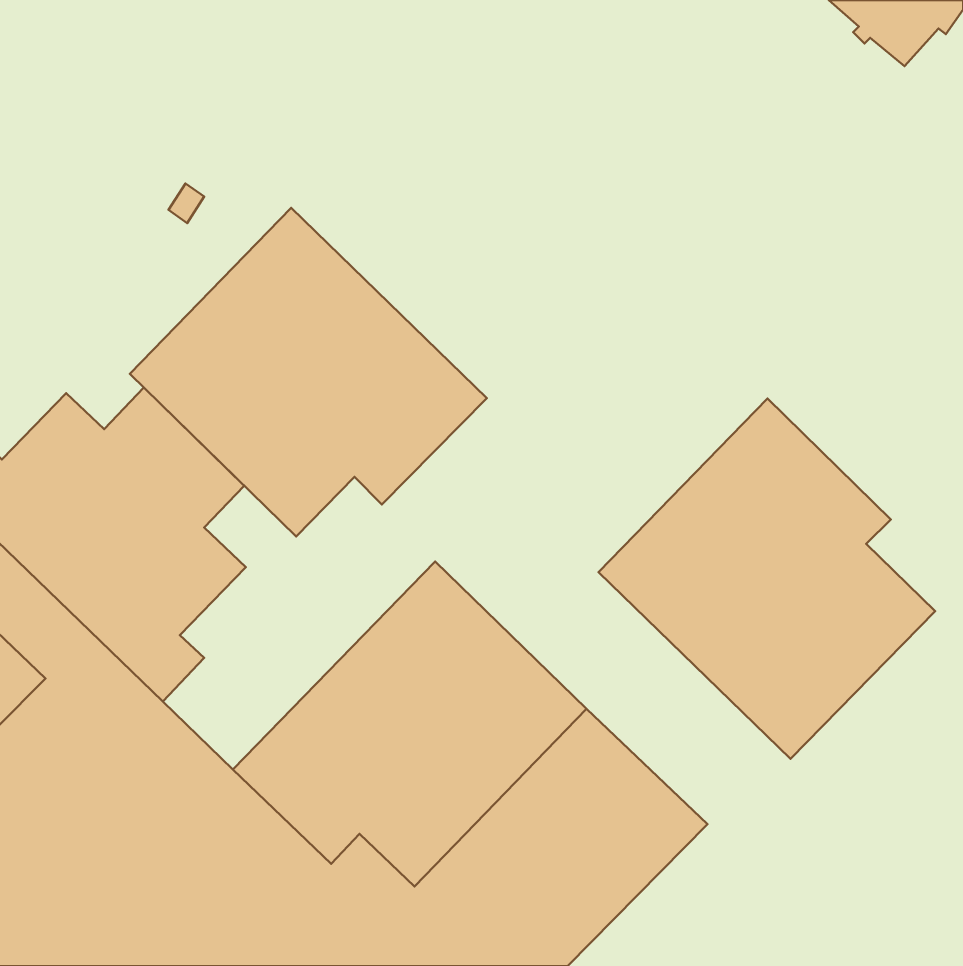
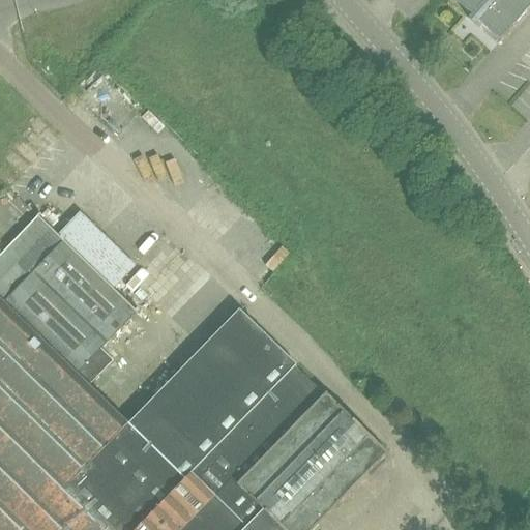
building: [130,208,487,536] -> none
building: [598,399,935,759] -> none

